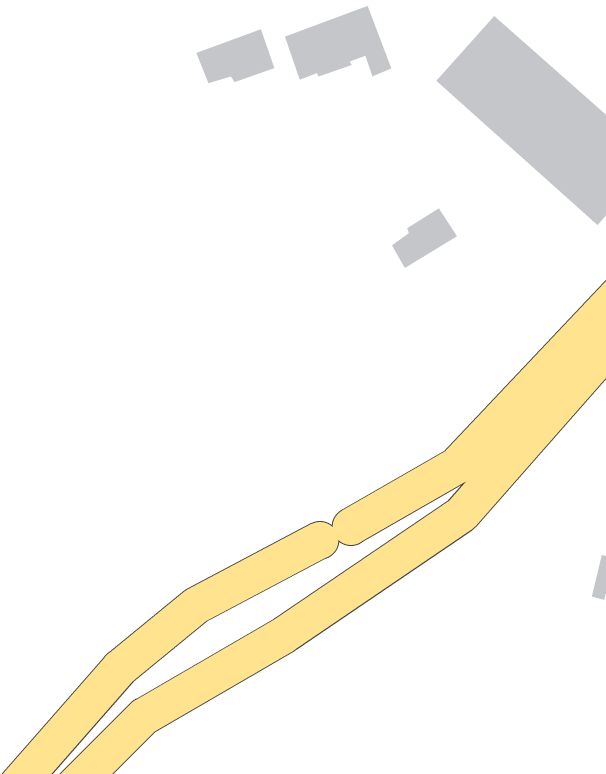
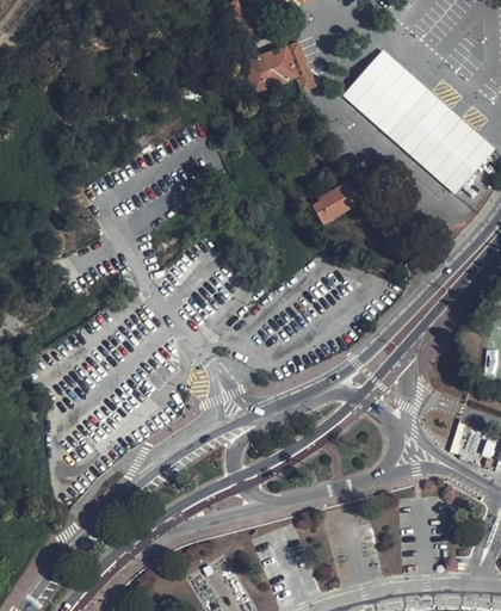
building: [195,28,275,84] -> none

